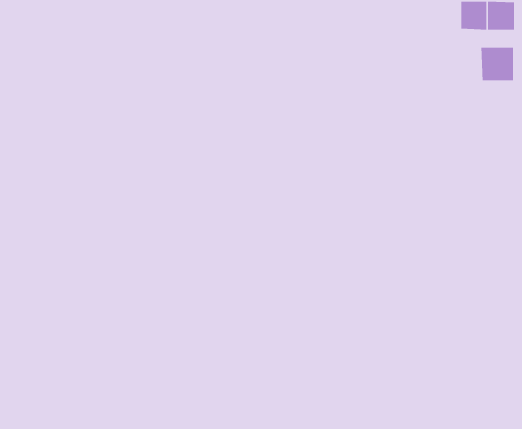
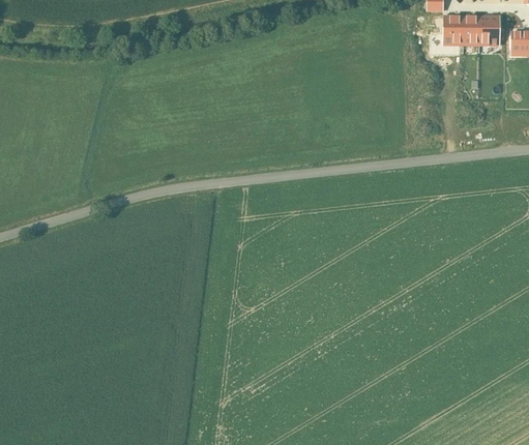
building: [481,47,513,81] -> none

